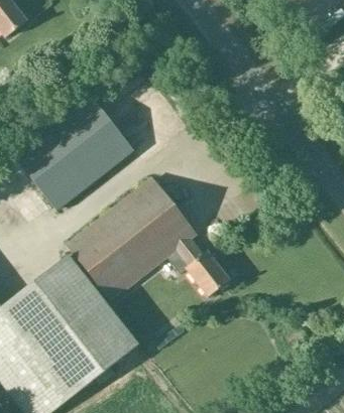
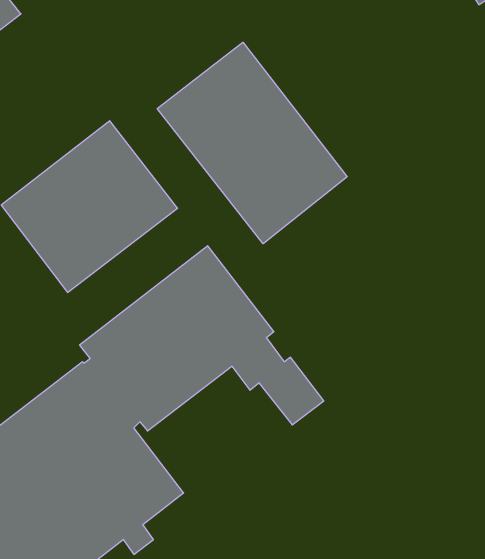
building: none -> [157,42,347,244]

